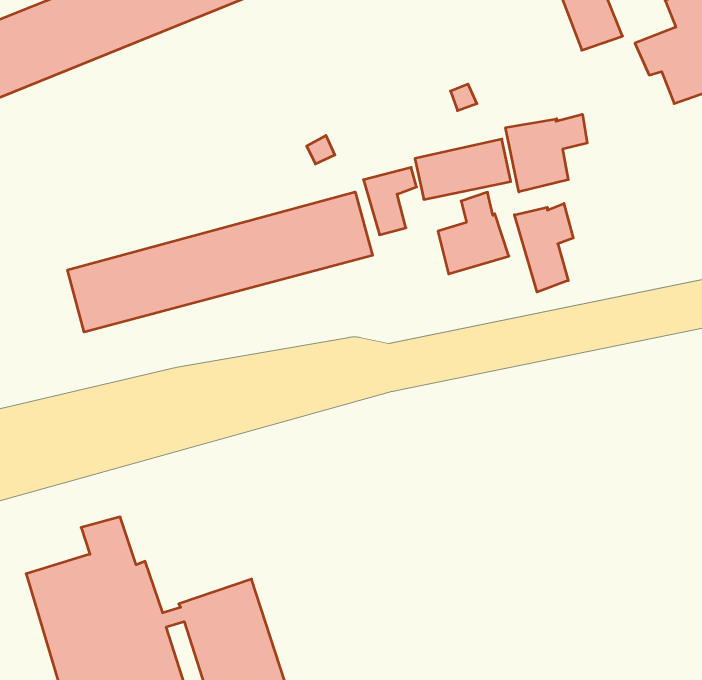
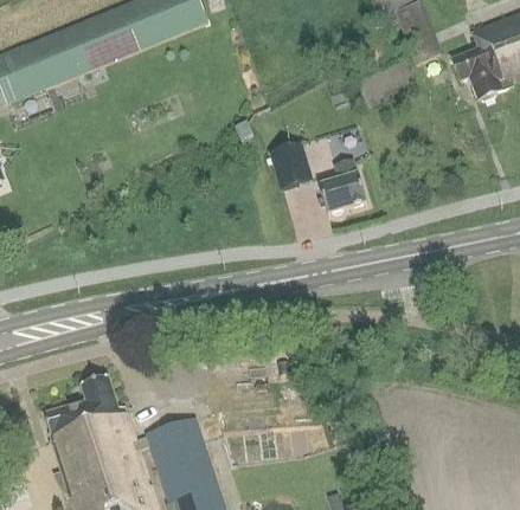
building: [506,114,587,192] -> none
building: [68,192,373,332] -> none
building: [514,203,573,292] -> none

